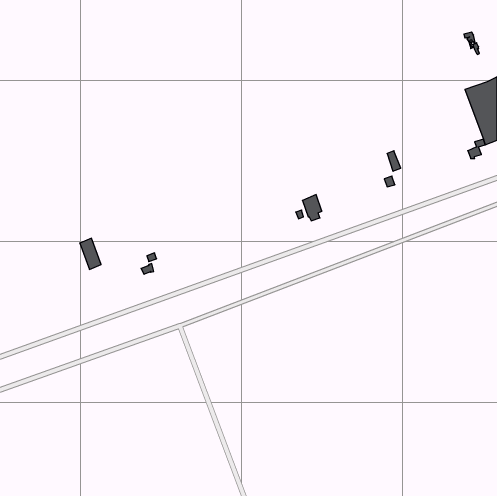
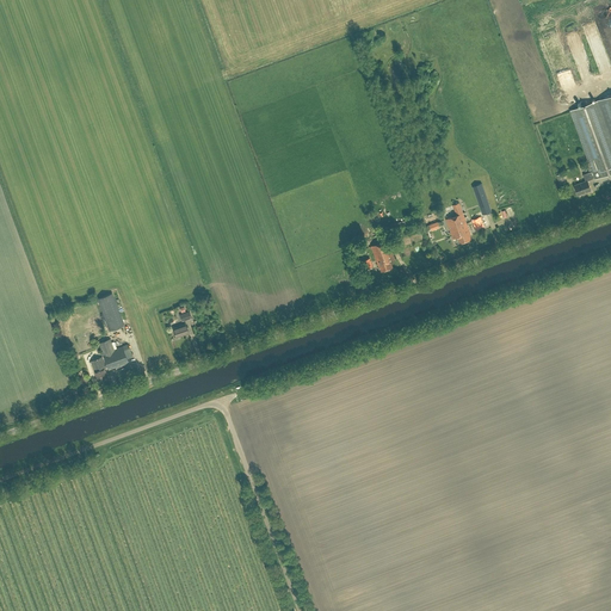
building: none -> [446,204,470,243]
building: none -> [91,340,132,381]

